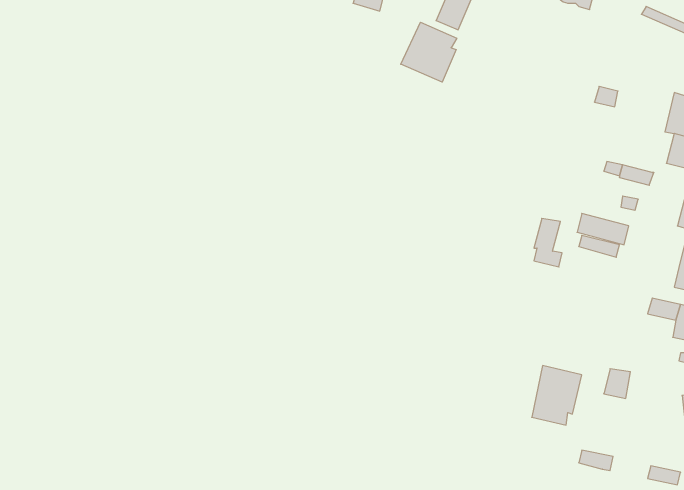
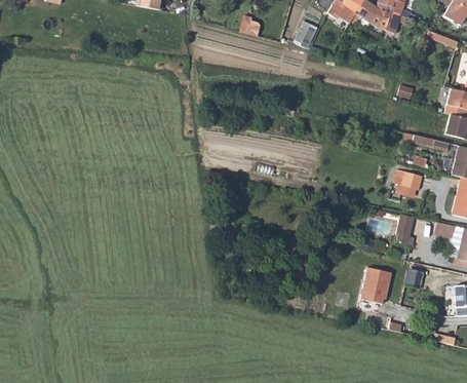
building: [401,22,457,82] -> none
building: [534,218,562,267] -> [395,214,414,245]

